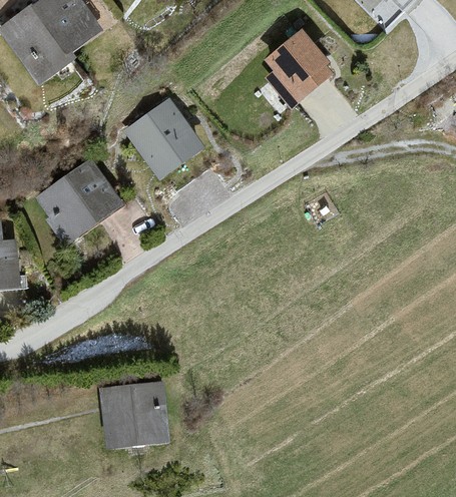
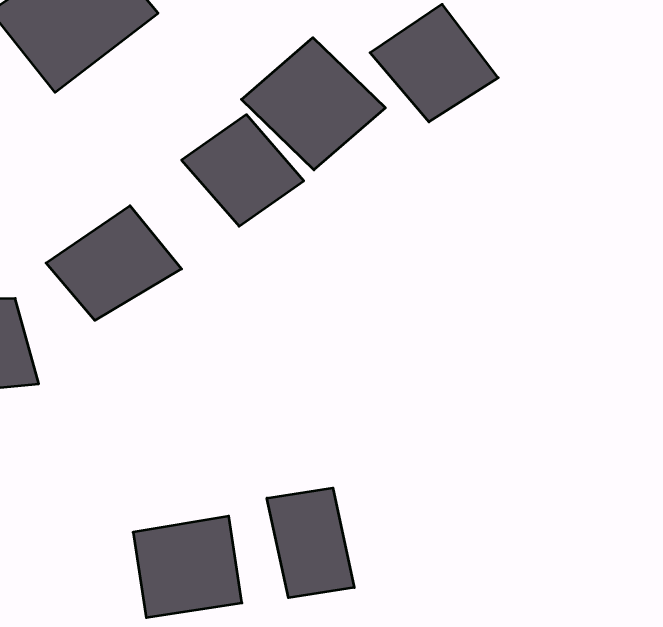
building: none -> [241,38,385,170]
building: none -> [267,488,354,598]

